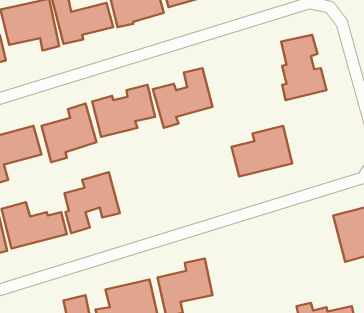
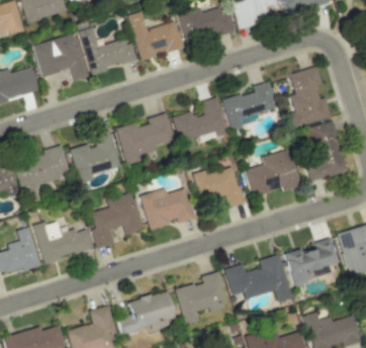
building: none -> [222,81,276,130]
building: none -> [304,120,347,181]
building: none -> [193,164,244,206]
building: none -> [141,187,194,229]
building: none -> [285,238,338,283]
building: none -> [224,254,291,301]

